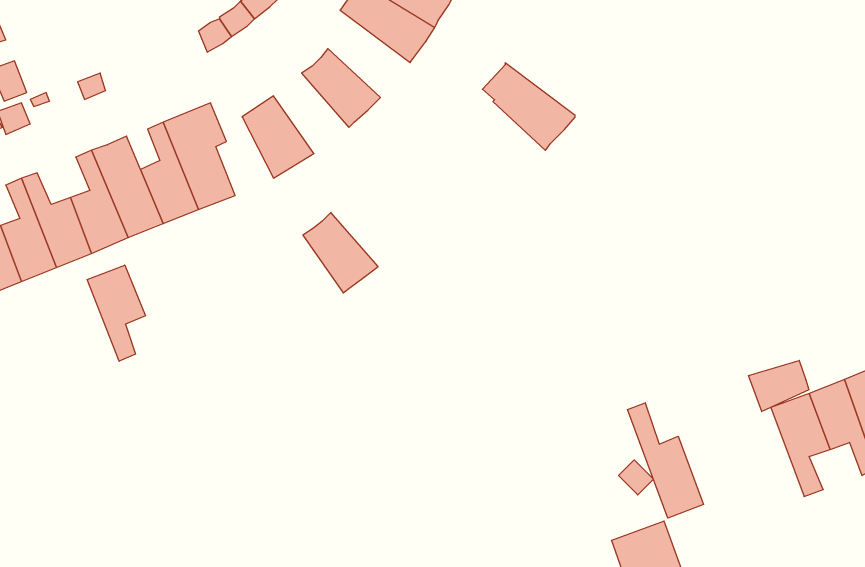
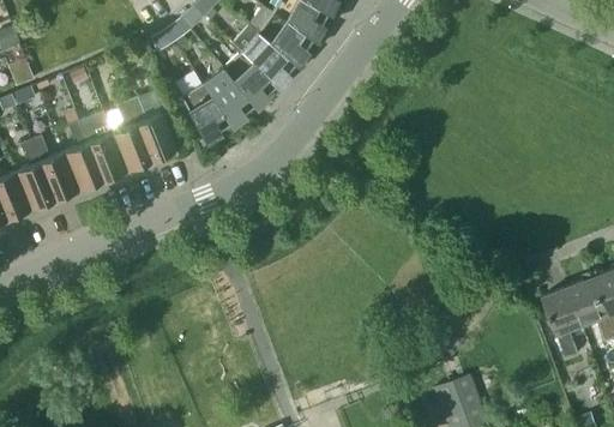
building: [482,63,575,150] -> [233,24,296,84]
building: [303,212,378,293] -> [203,67,254,122]
building: [87,265,146,361] -> none
building: [748,360,809,412] -> none
building: [628,403,703,518] -> none

